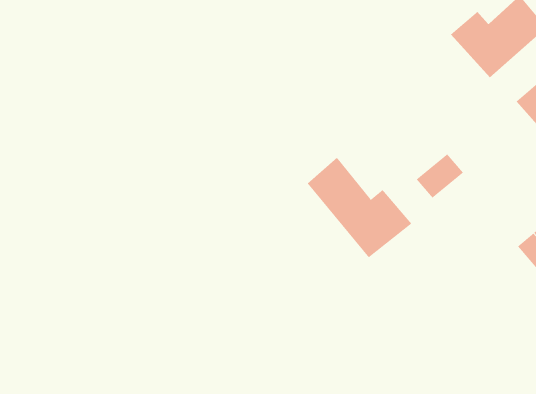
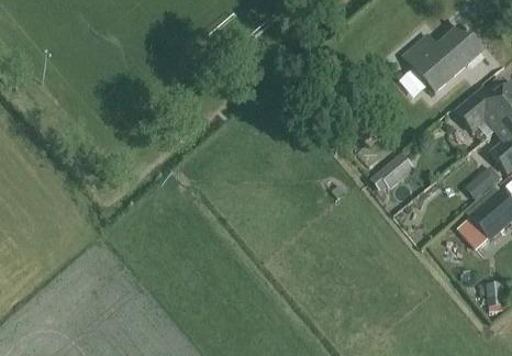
building: [307,157,412,258] -> none

